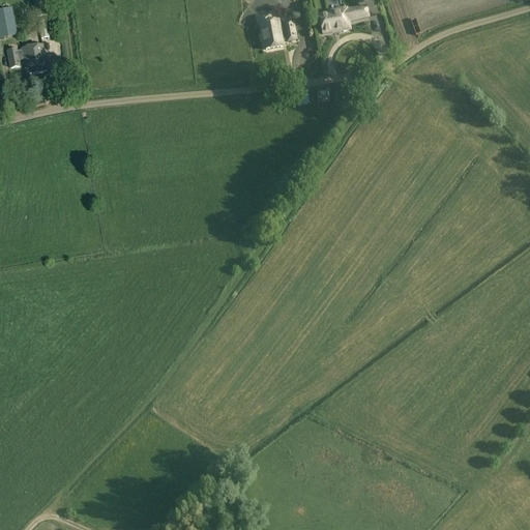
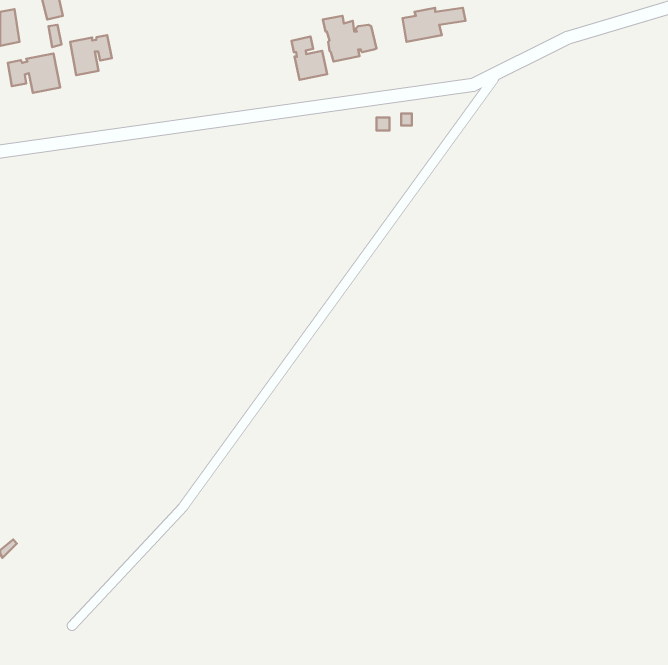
building: none -> [70,35,112,75]
building: none -> [292,37,327,80]

